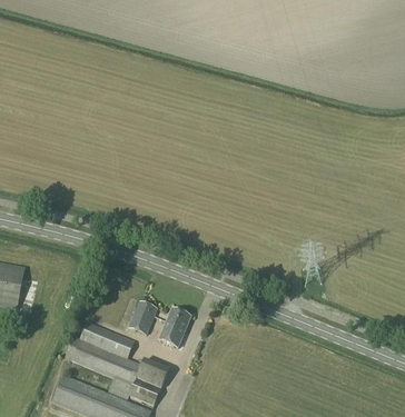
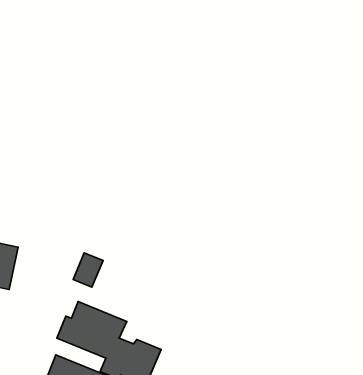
building: [128,300,158,335] -> [73,253,103,287]
building: [158,308,190,348] -> none

